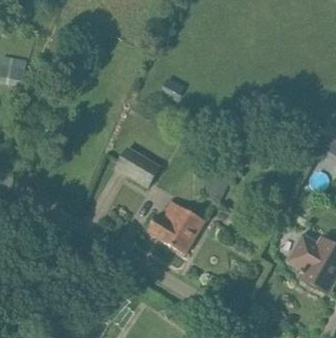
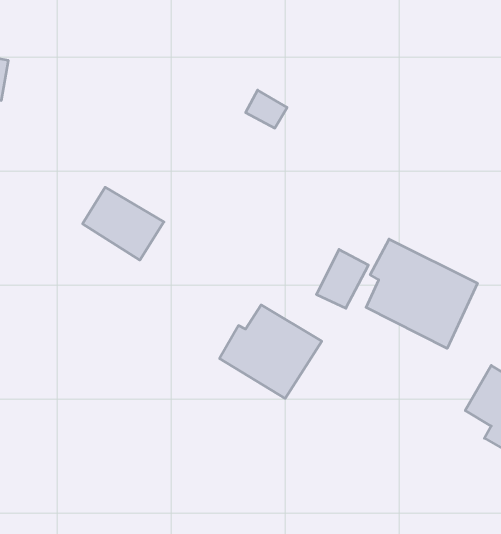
building: [115,145,162,188] -> [83,187,164,260]
building: none -> [366,239,477,348]

